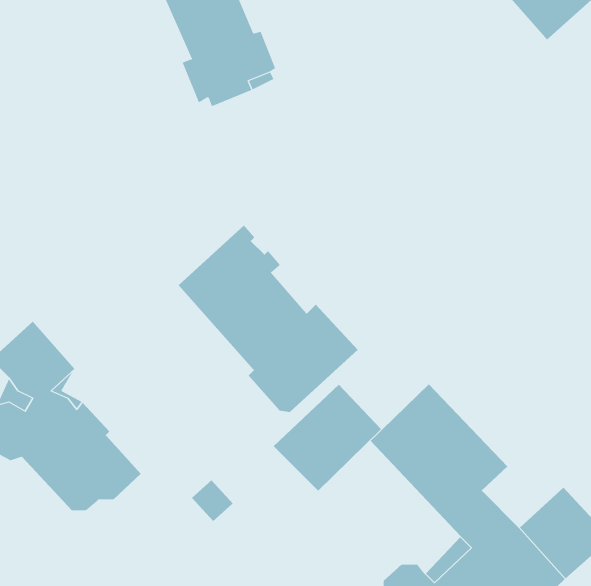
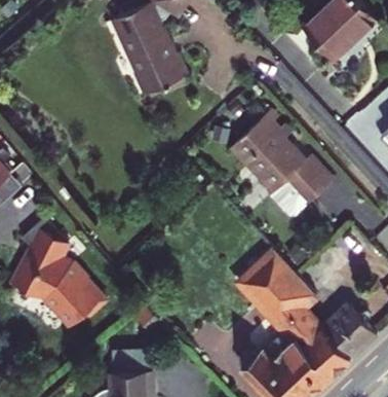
building: [178,224,358,413] -> [229,113,329,218]
building: [273,384,382,491] -> none

